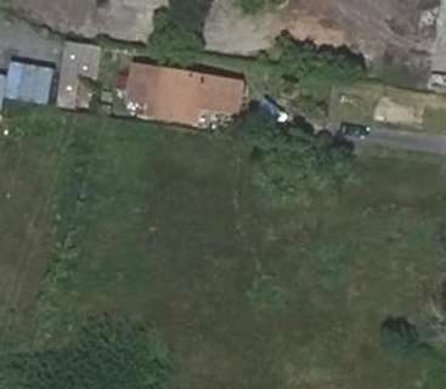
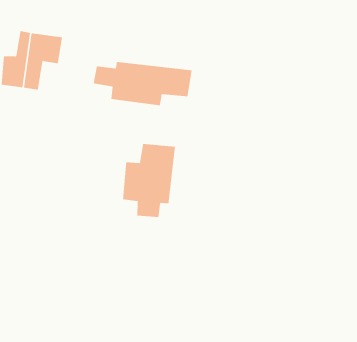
building: none -> [122,143,176,218]

